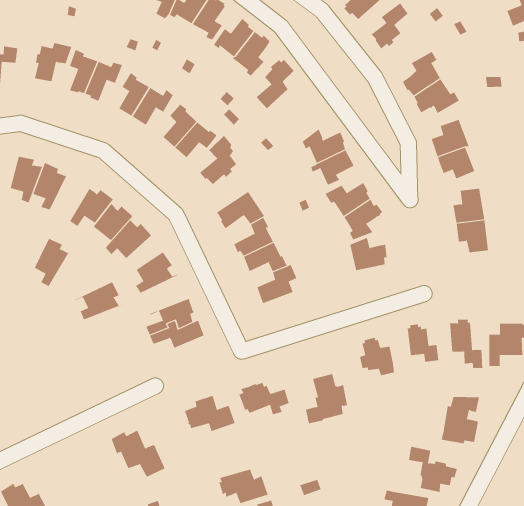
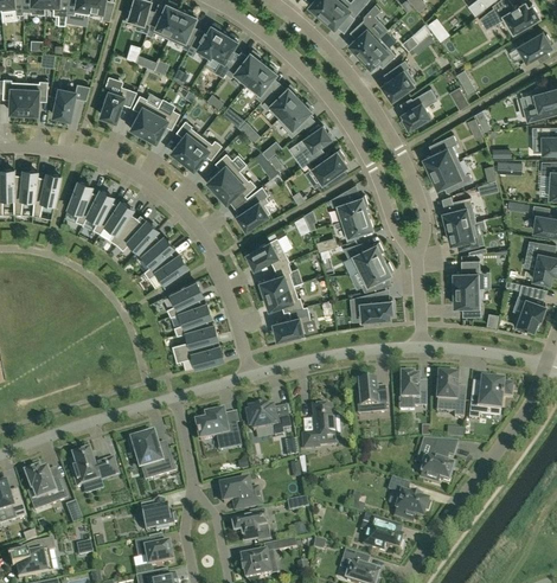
building: none -> [312,149,346,191]
building: [30,238,69,287] -> [100,201,136,244]
building: [74,282,123,320] -> [169,303,212,334]
building: none -> [70,449,117,487]

